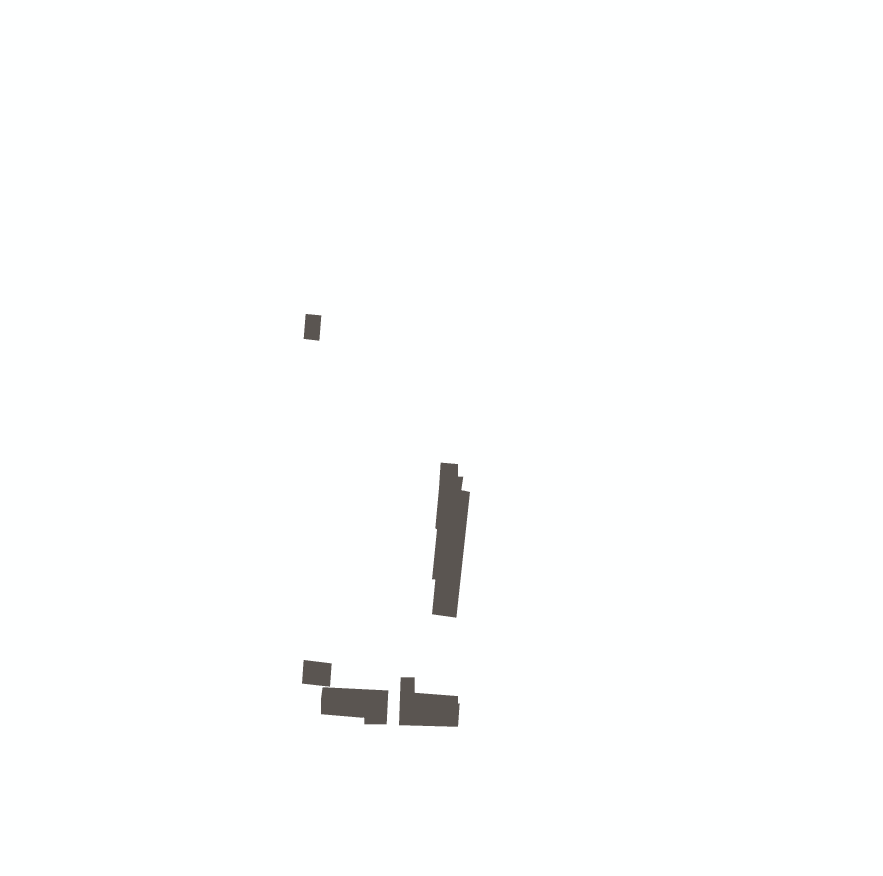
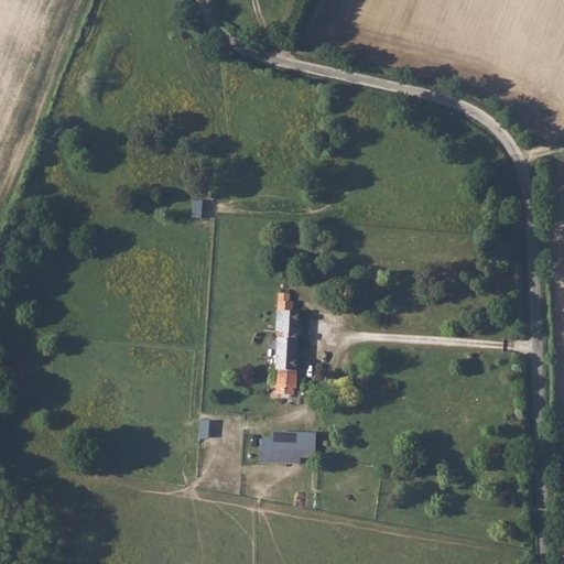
building: [320,687,389,725] -> [265,429,310,453]

